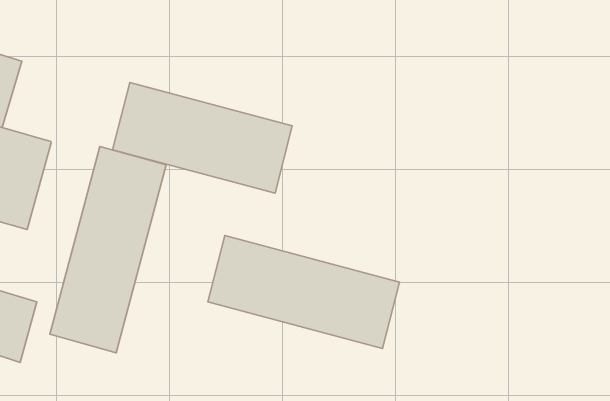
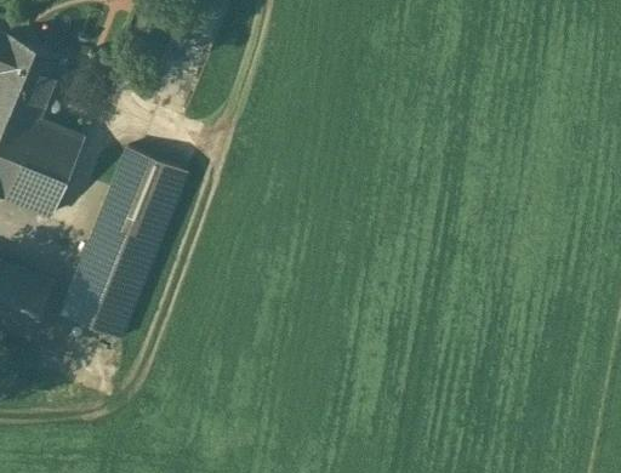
building: [112,83,292,193] -> none
building: [208,235,399,348] -> none

